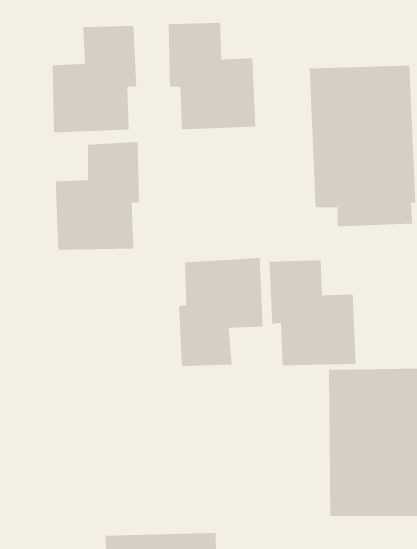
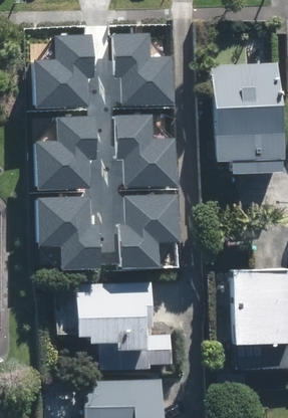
building: [268,260,357,366] -> [116,116,177,188]
building: none -> [41,197,100,269]
building: none -> [73,282,173,369]

